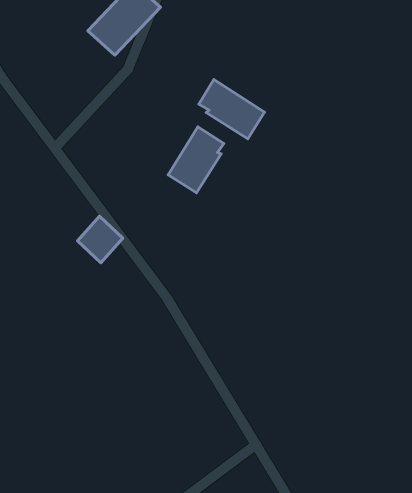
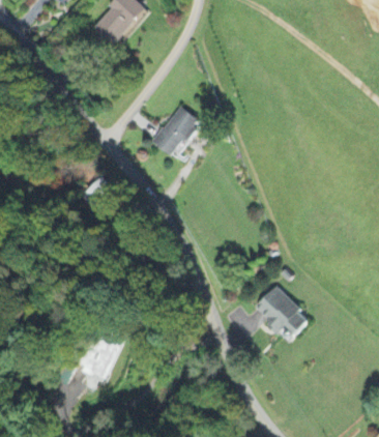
building: [199,79,265,139] -> none
building: none -> [255,286,302,343]

